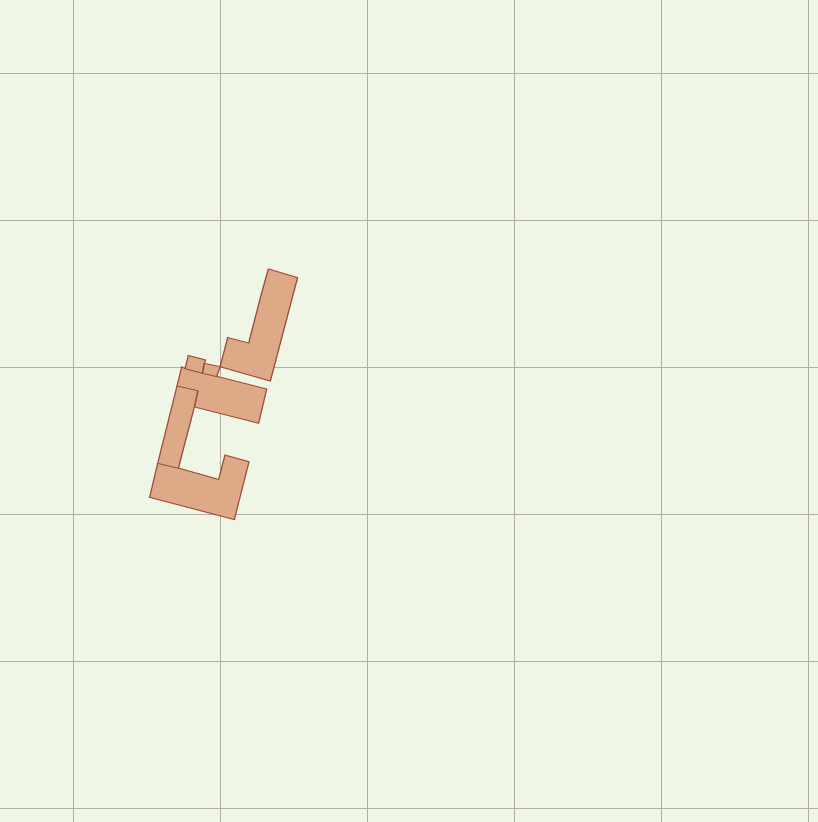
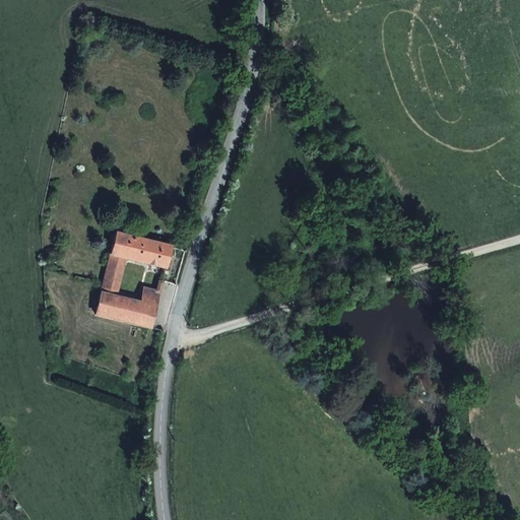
building: [220,269,298,381] -> none

